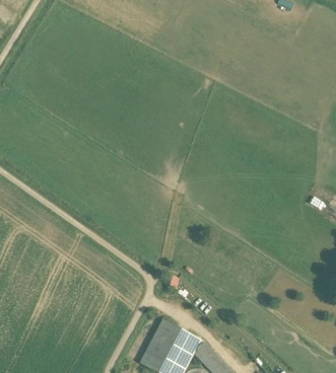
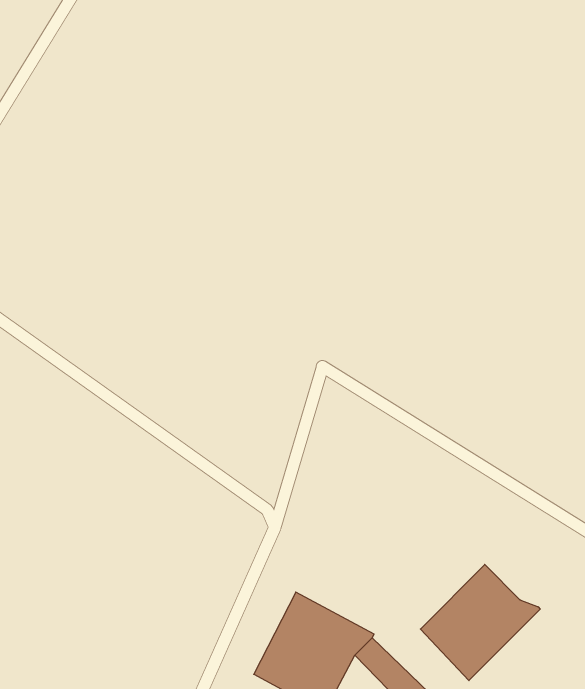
building: none -> [420,564,540,681]

